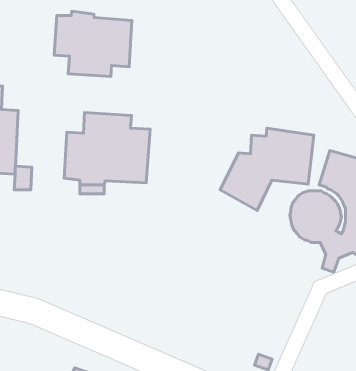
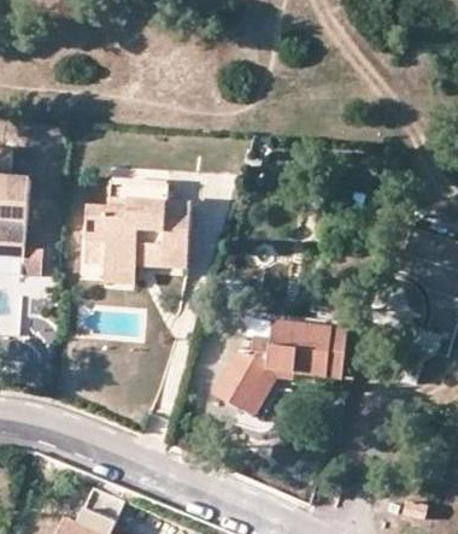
building: [54,11,132,77] -> none
building: [220,128,314,210] -> [213,318,329,419]

